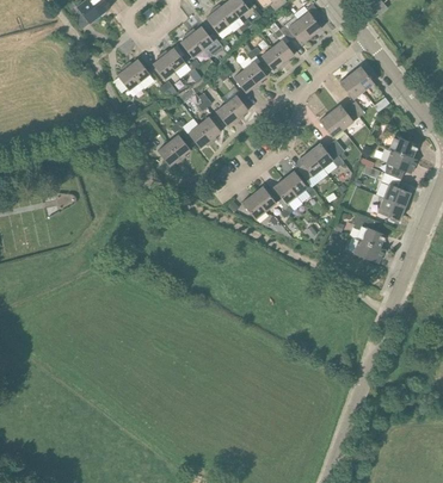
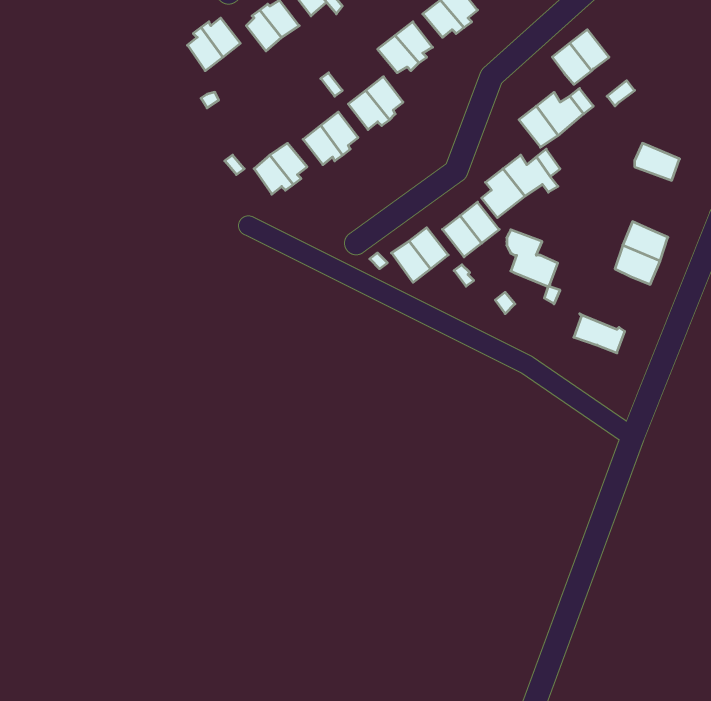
building: [386,149,417,179] -> none
building: [353,213,384,248] -> [507,230,558,287]

